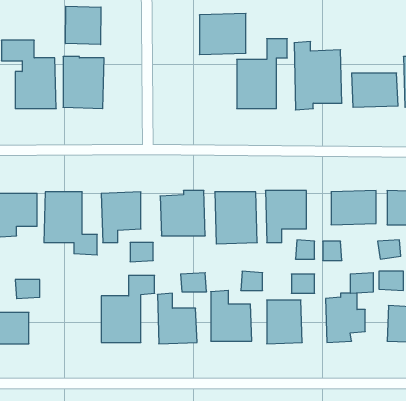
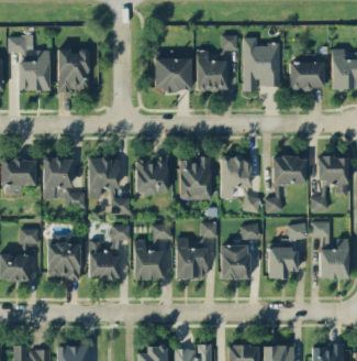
building: [66,6,101,45] -> none
building: [199,13,246,55] -> [155,57,192,90]
building: none -> [47,242,81,278]

